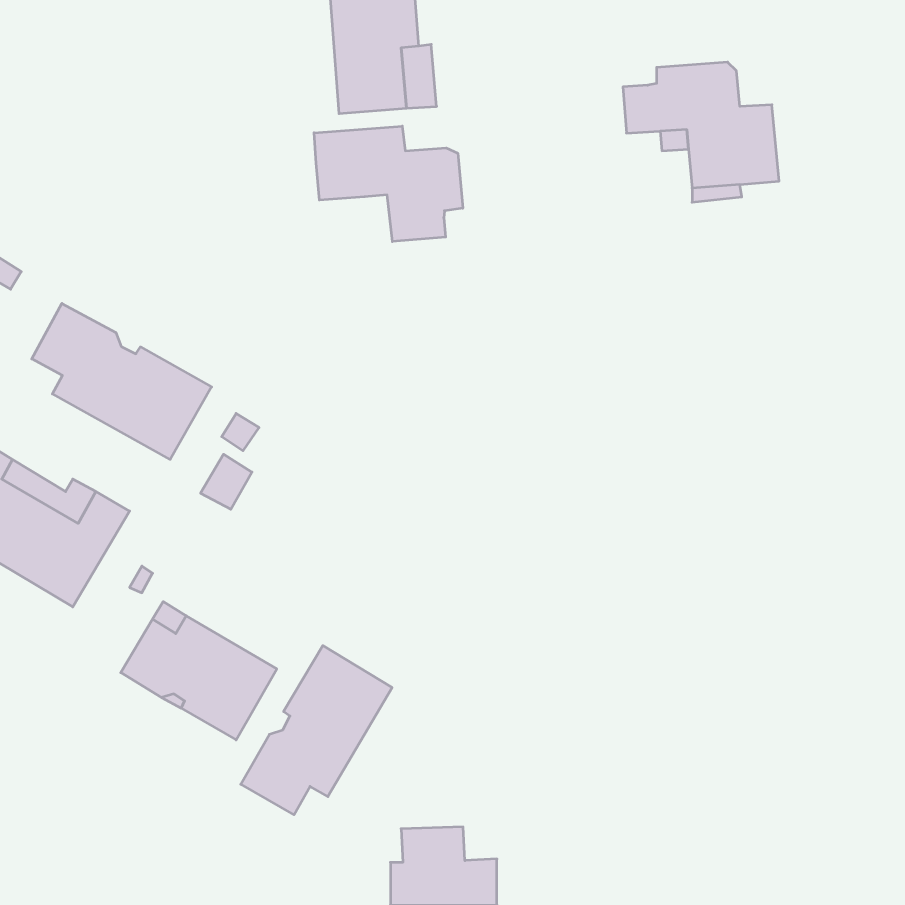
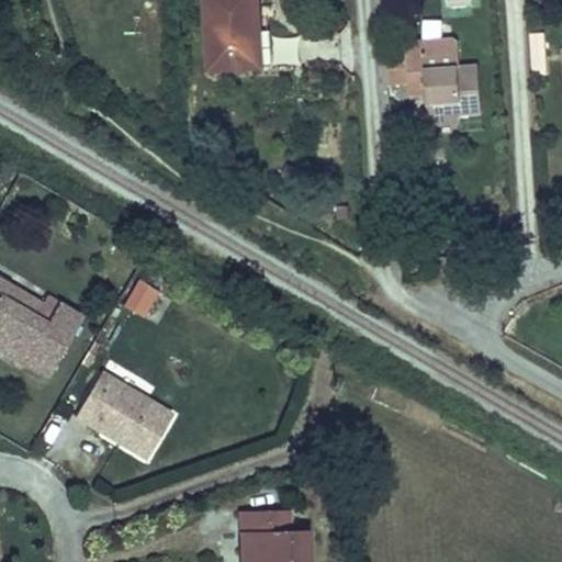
building: [314,126,463,242] -> none
building: [32,303,212,459] -> none
building: [241,646,392,815] -> none

